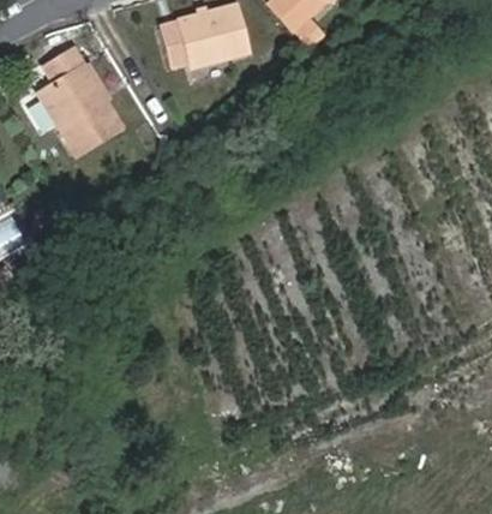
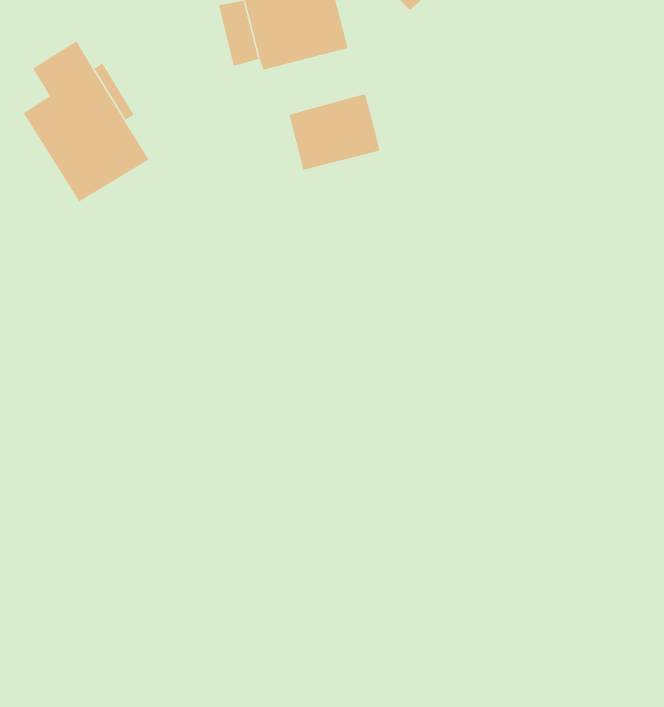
building: none -> [289,94,380,171]

